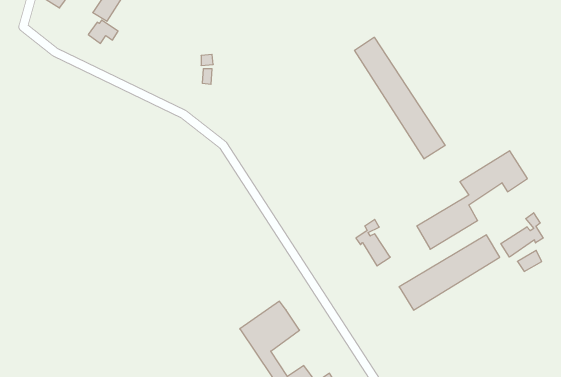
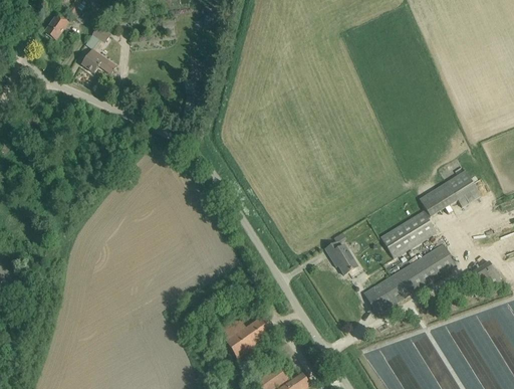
building: [355,37,445,159] -> none
building: [501,213,543,257] -> none

